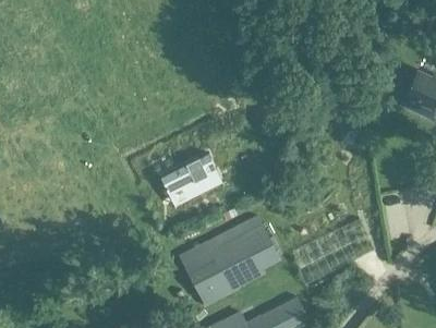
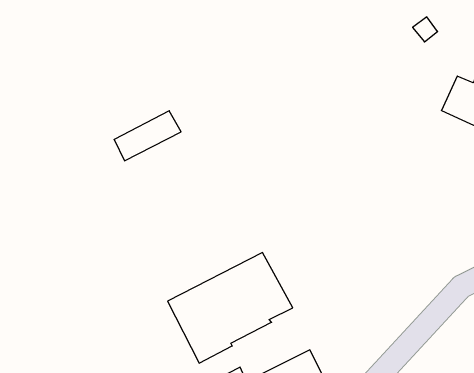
building: [162,154,218,195] -> [114,111,181,161]

